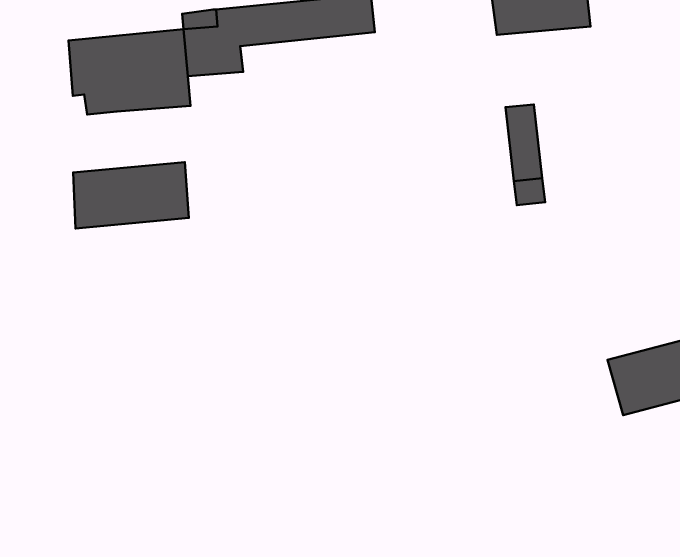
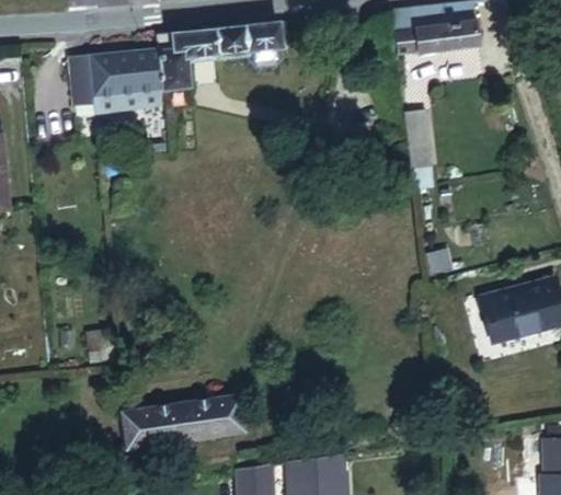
building: [73,162,189,228] -> none
building: none -> [126,393,248,447]

